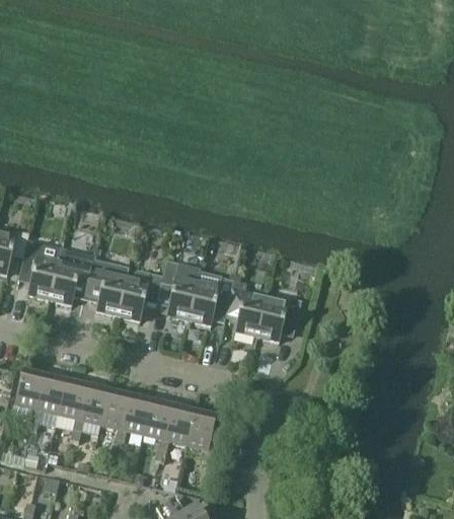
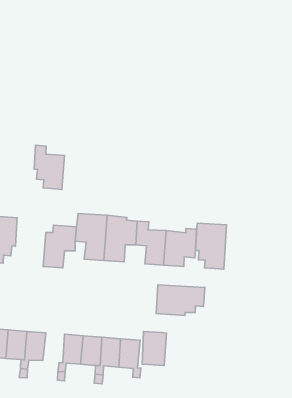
building: [88,260,126,315] -> [34,145,64,189]
building: none -> [195,223,226,269]
building: none -> [156,285,205,316]
building: [99,392,129,430] -> none
building: none -> [142,331,167,366]

